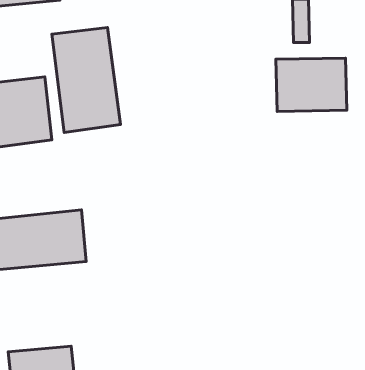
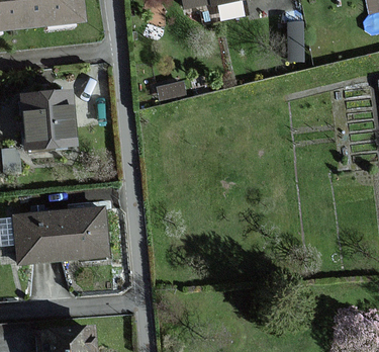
building: [52,28,121,132] -> none
building: [276,58,347,111] -> none

